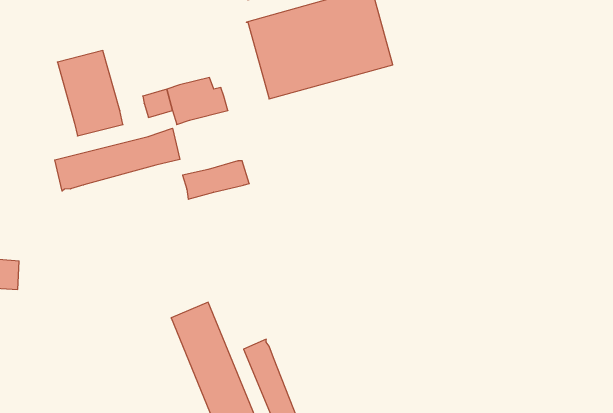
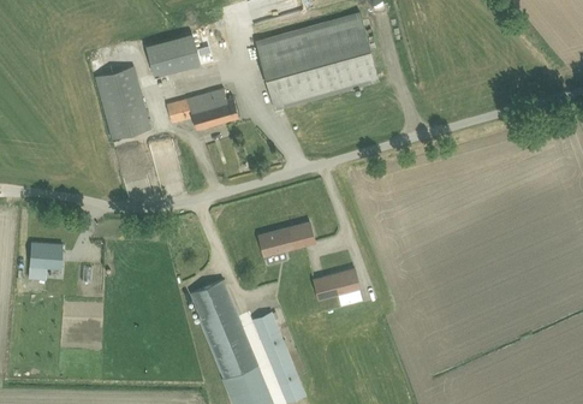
building: none -> [144,32,200,76]
building: [55,128,180,191] -> none
building: [183,161,249,199] -> [257,222,314,255]
building: none -> [313,269,357,298]

